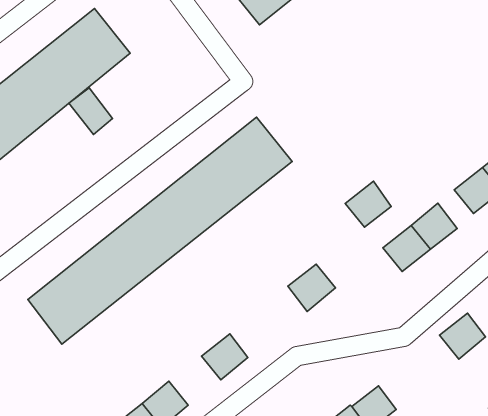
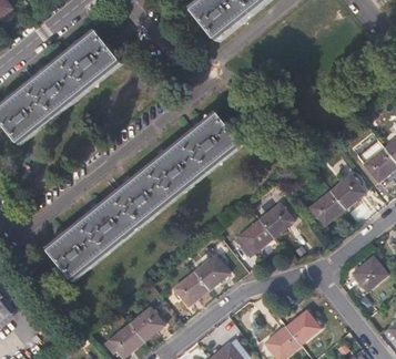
building: [69,88,112,134] -> none
building: [345,181,391,227] -> [260,203,294,237]
building: none -> [195,255,230,289]

